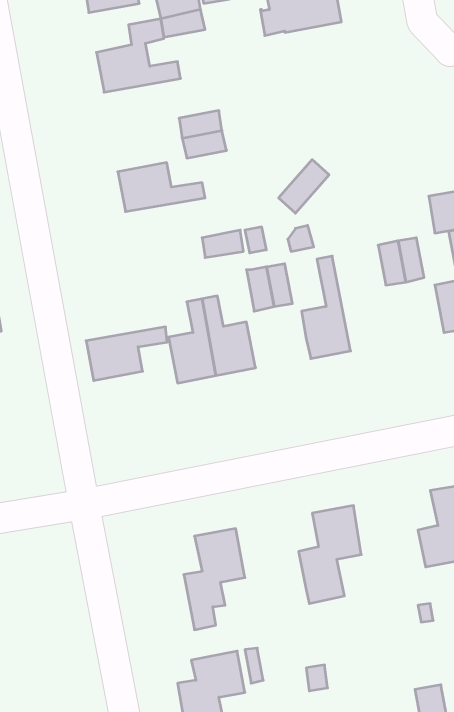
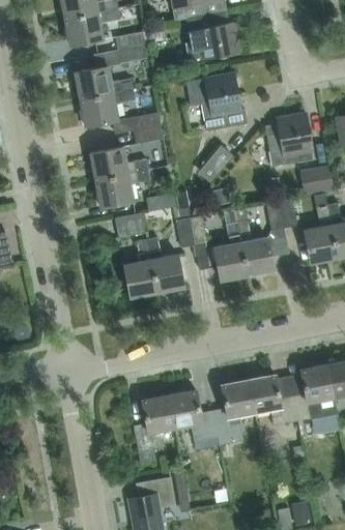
building: none -> [186,73,248,131]
building: none -> [80,90,134,126]
building: none -> [264,112,312,167]
building: none -> [234,208,274,274]
building: none -> [114,213,145,238]
building: [86,327,167,381] -> [94,171,149,207]
building: none -> [249,374,297,424]
building: none -> [169,389,217,441]

